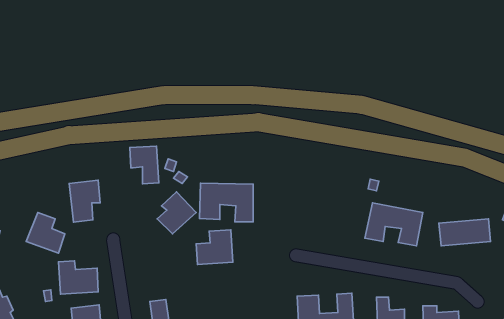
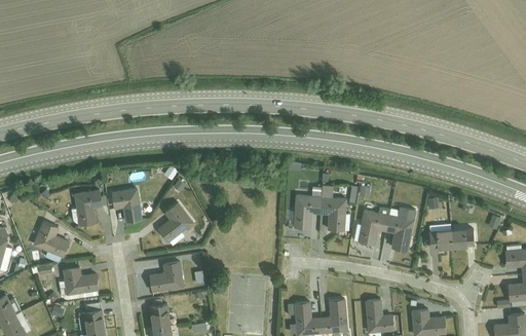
building: [130,146,159,184] -> [112,187,140,223]
building: [199,183,253,222] -> [292,194,343,231]
building: [196,230,233,264] -> [150,259,185,292]

